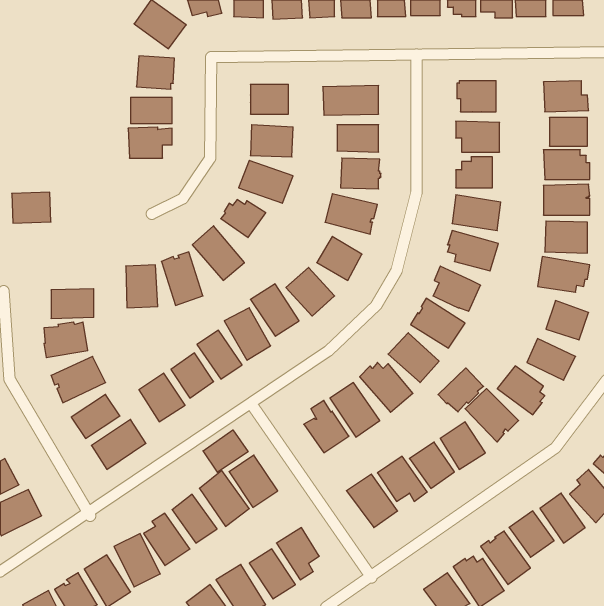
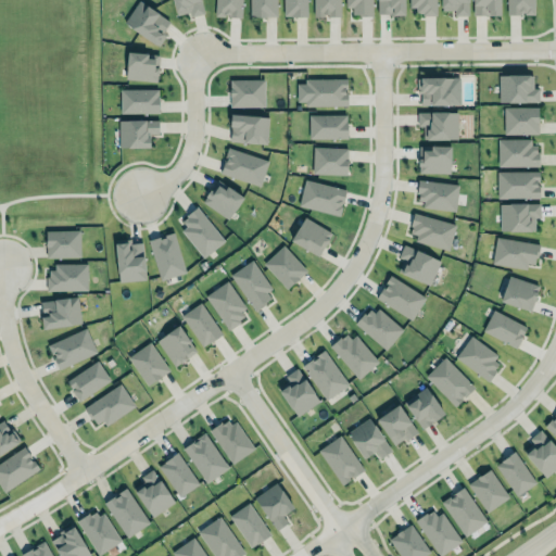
building: [12,192,51,223] -> [47,230,83,258]
building: [438,368,484,412] -> none
building: [203,430,248,472] -> none

